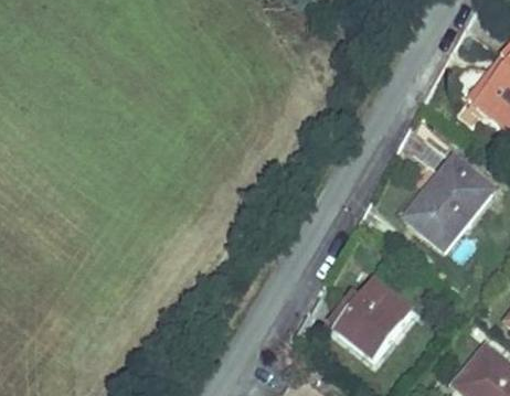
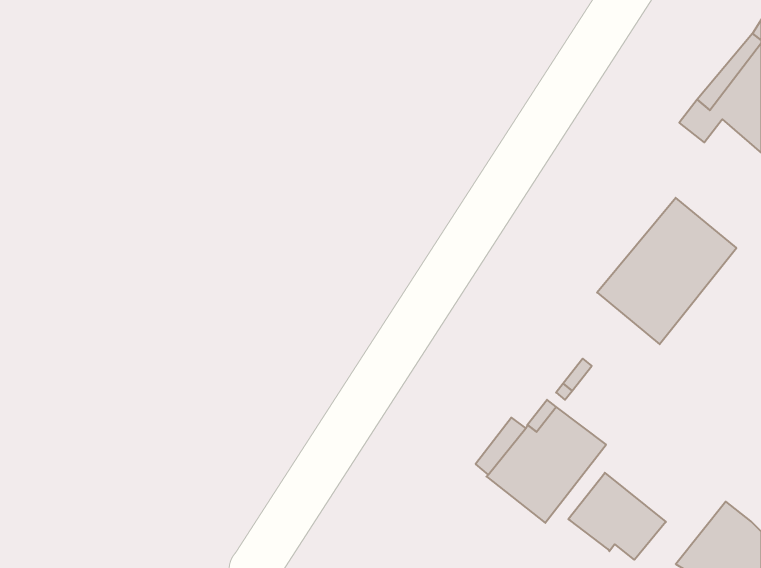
building: none -> [568,473,666,560]

